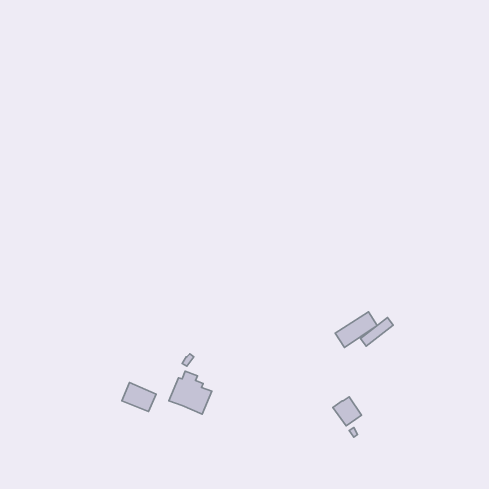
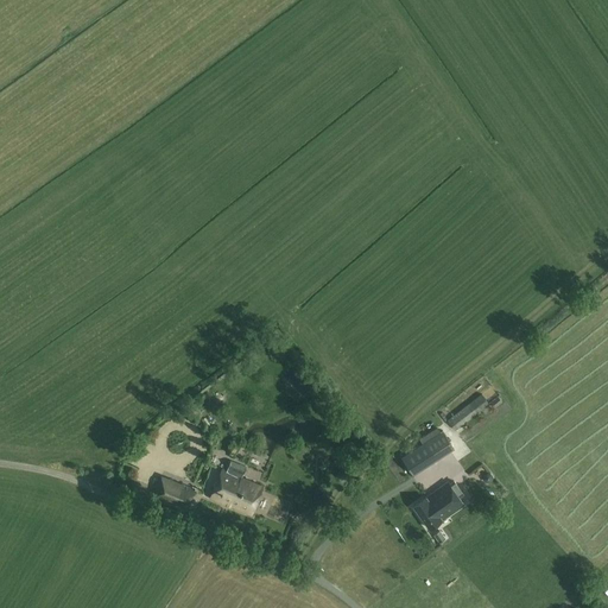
building: [335,312,377,347] -> [400,430,452,474]
building: none -> [432,481,462,514]

